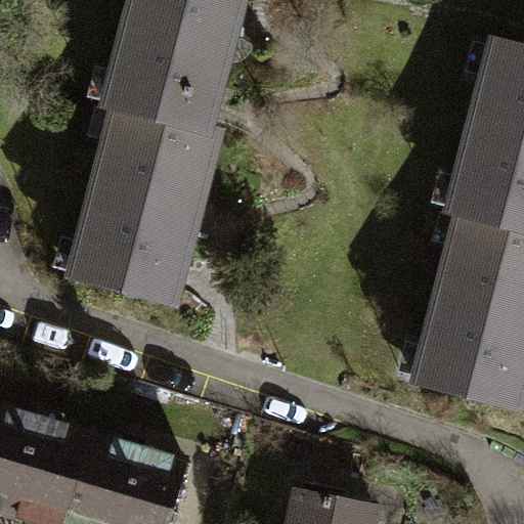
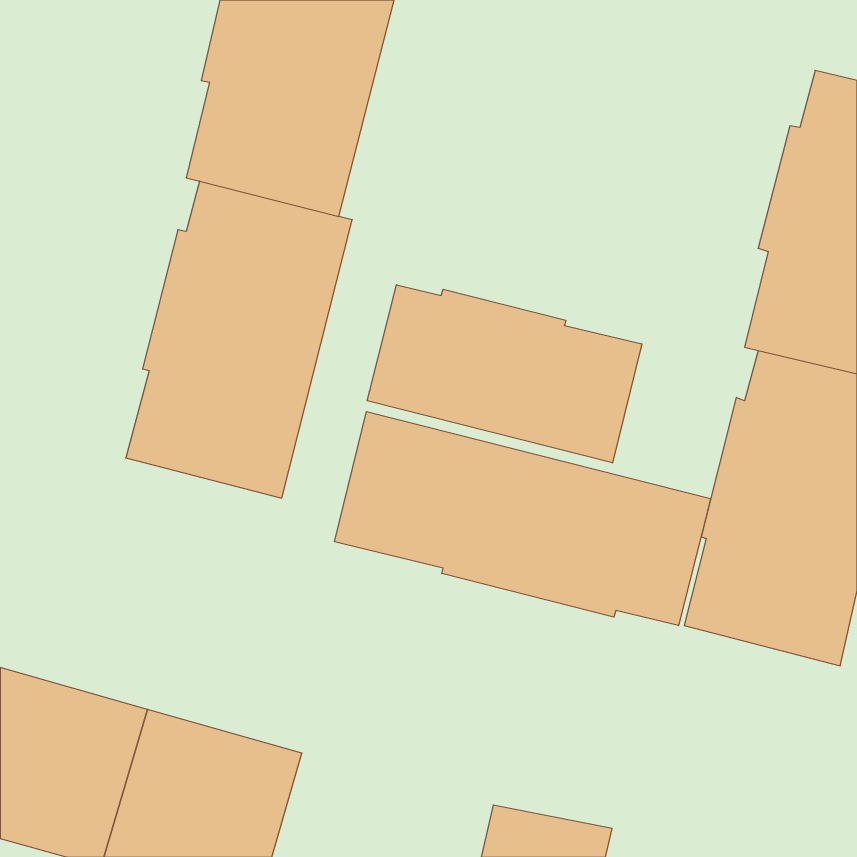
building: none -> [367,285,642,463]
building: none -> [335,412,711,626]

